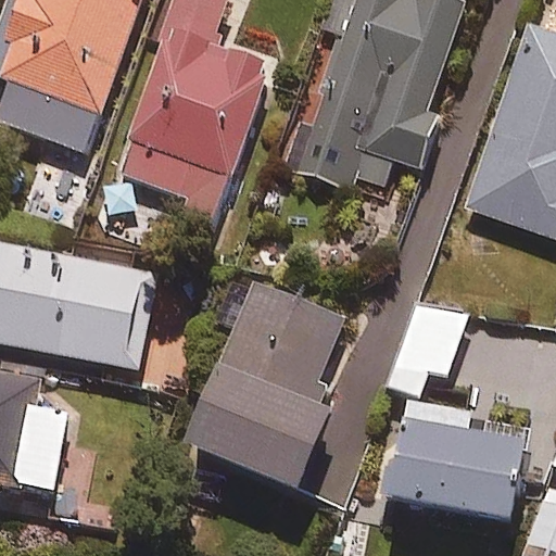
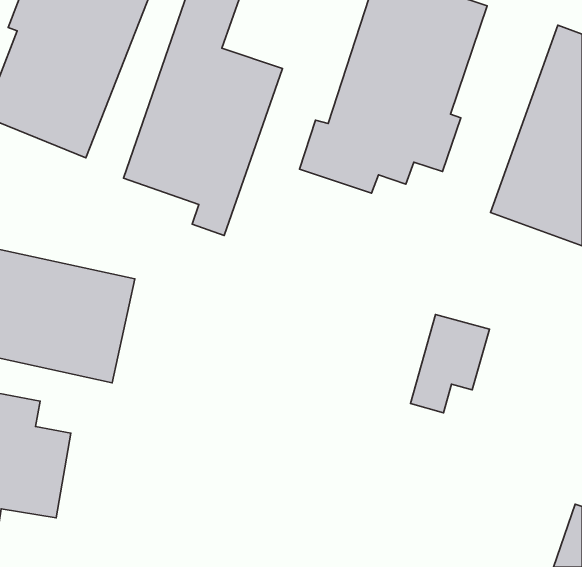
building: [187,281,344,495] -> none
building: [388,395,527,530] -> none

